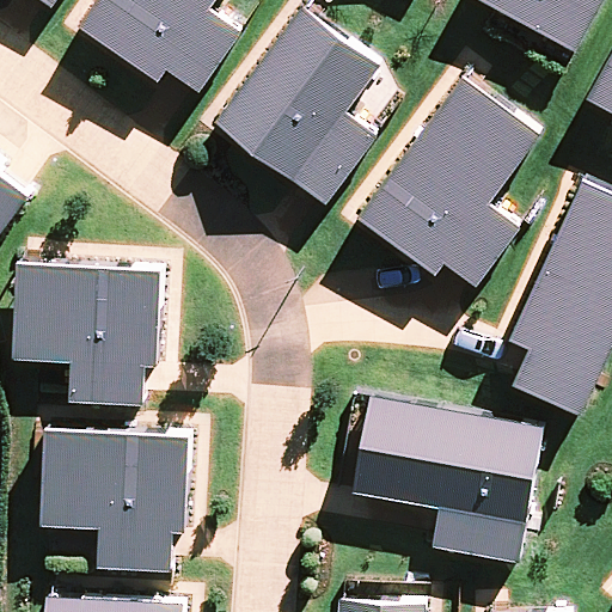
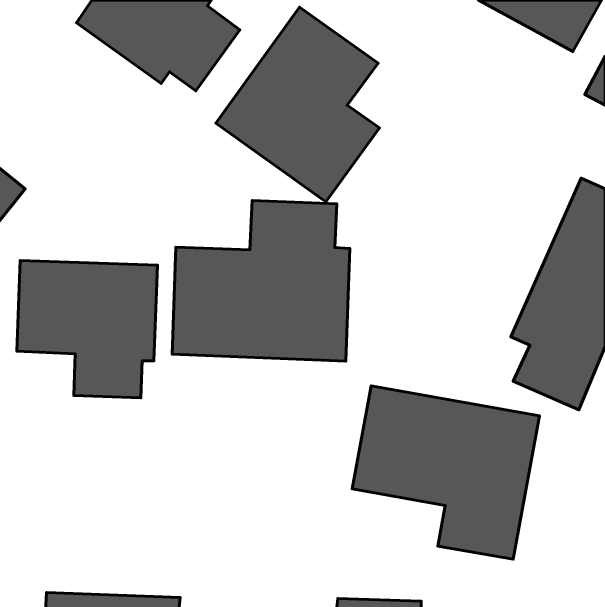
building: [359,79,537,284] -> none
building: none -> [172,200,350,361]
building: [42,429,183,565] -> none

